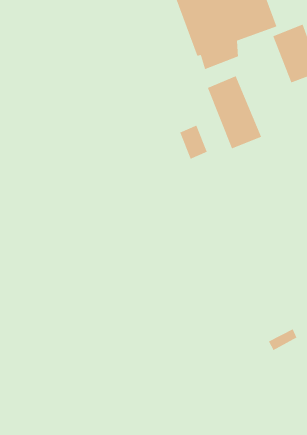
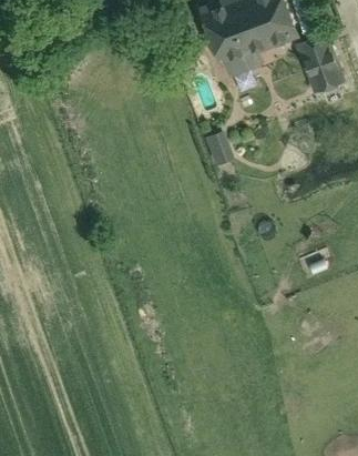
building: [207,75,262,149] -> none

